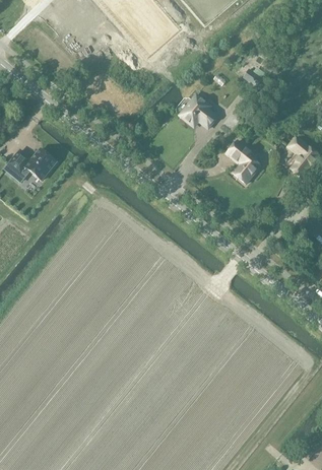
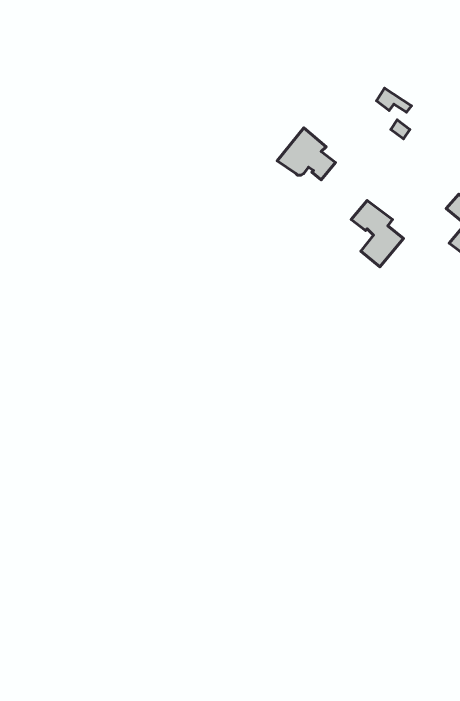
building: [9,147,56,179] -> none

